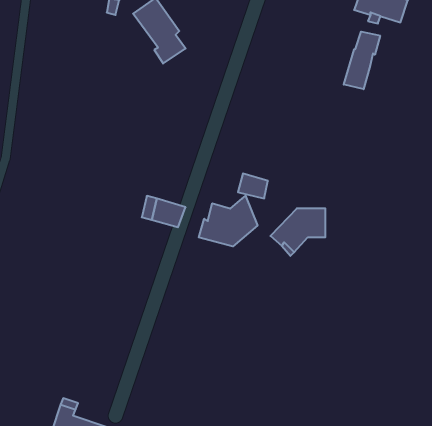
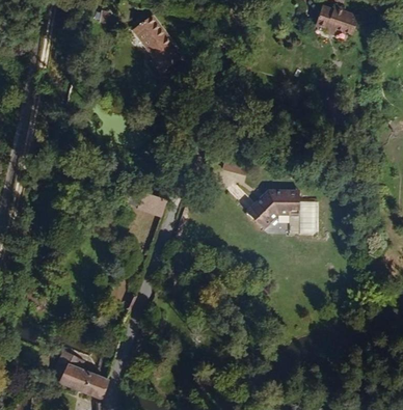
building: [344,32,380,89] -> none
building: [199,196,258,246] -> none
building: none -> [288,192,319,235]

